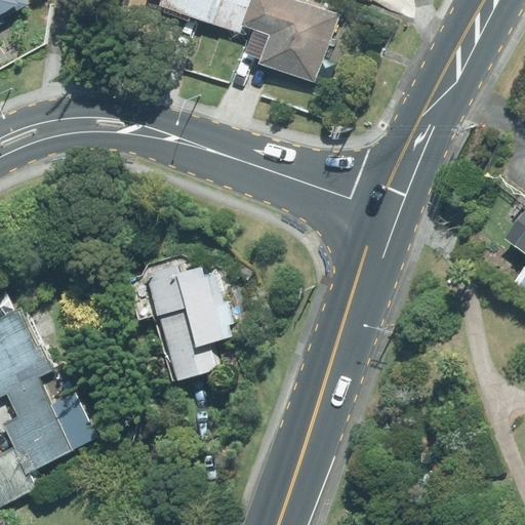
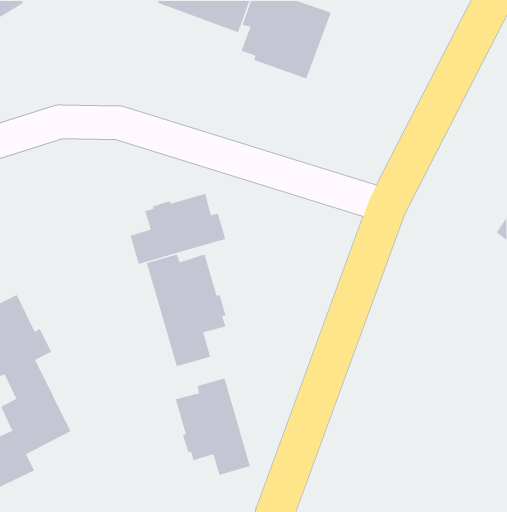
building: none -> [129,193,226,265]
building: none -> [175,377,251,476]

